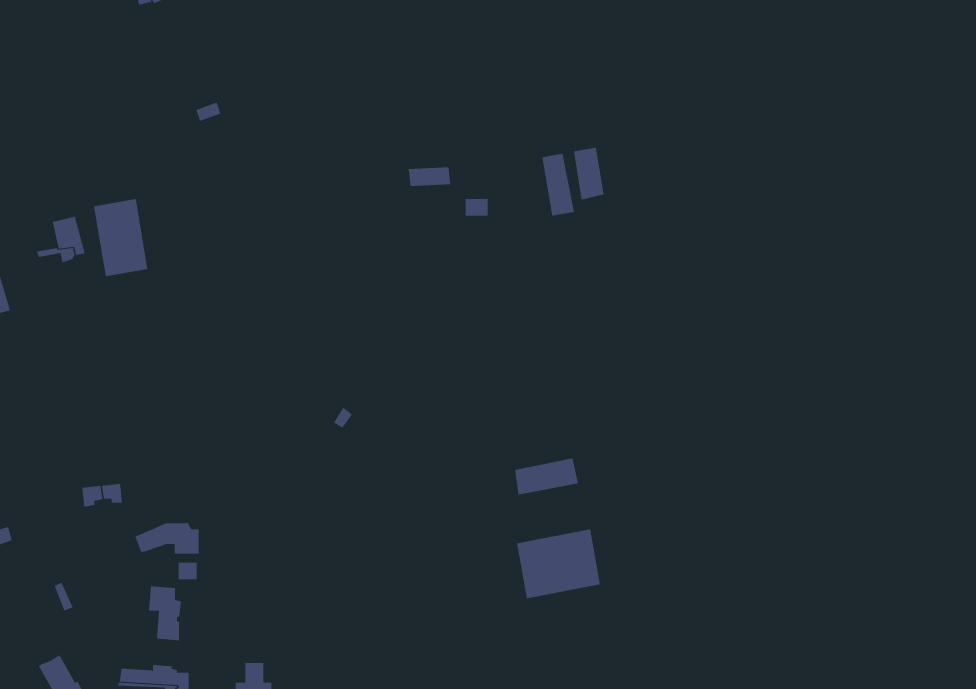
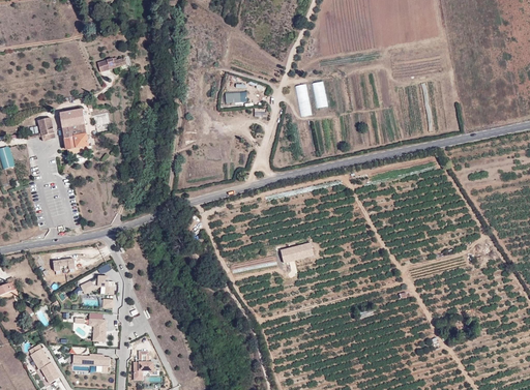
building: [516,529,601,599] -> none

